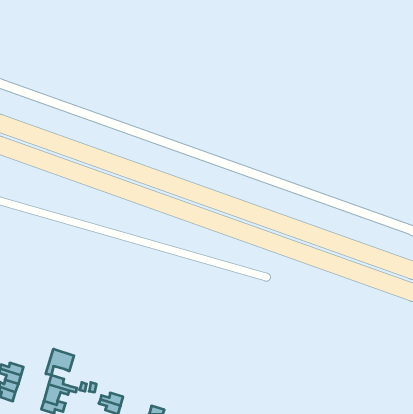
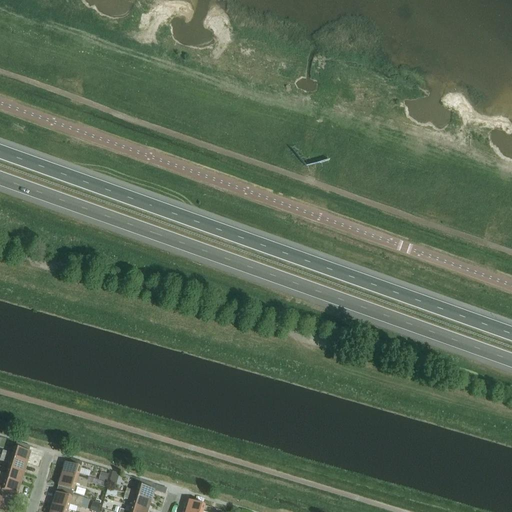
building: [46,349,74,375] -> none

